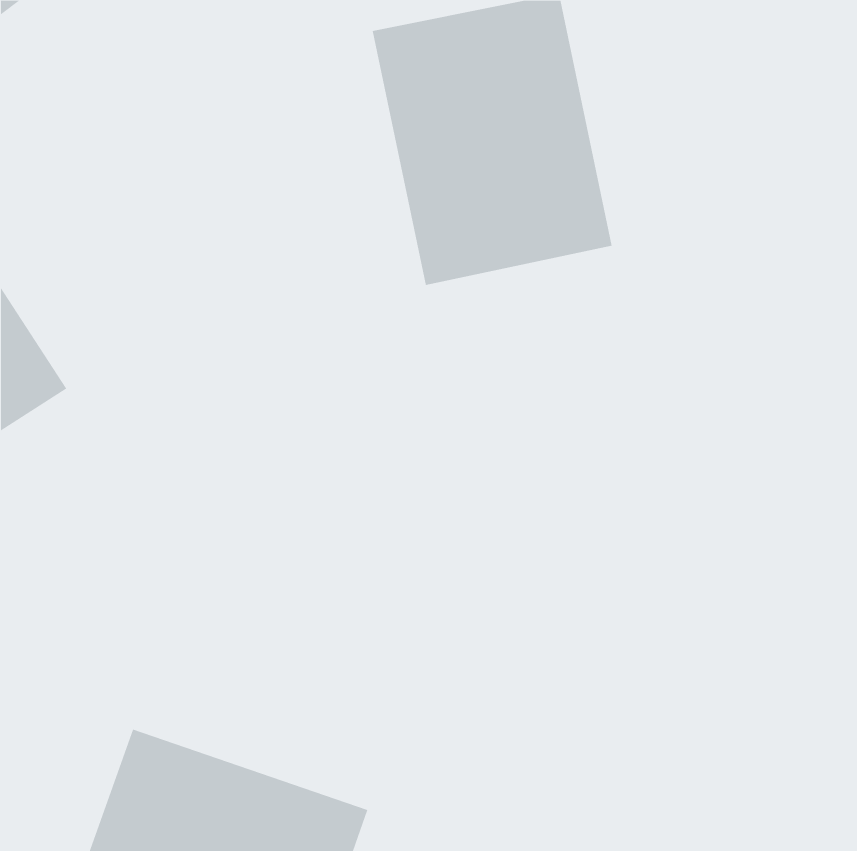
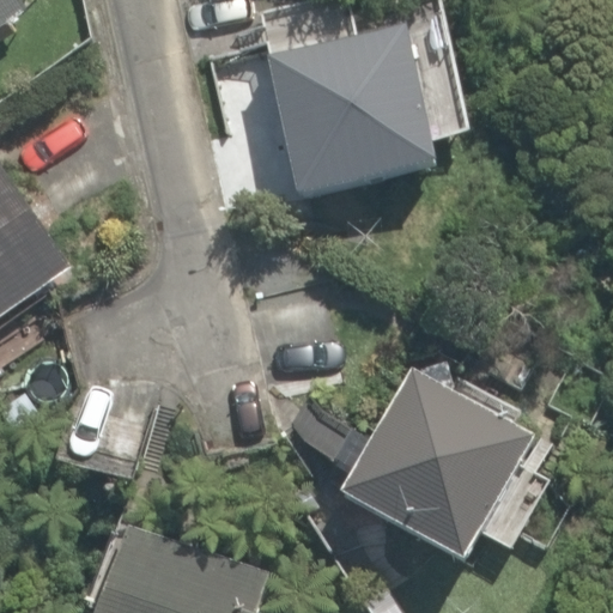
building: none -> [344,360,530,550]

